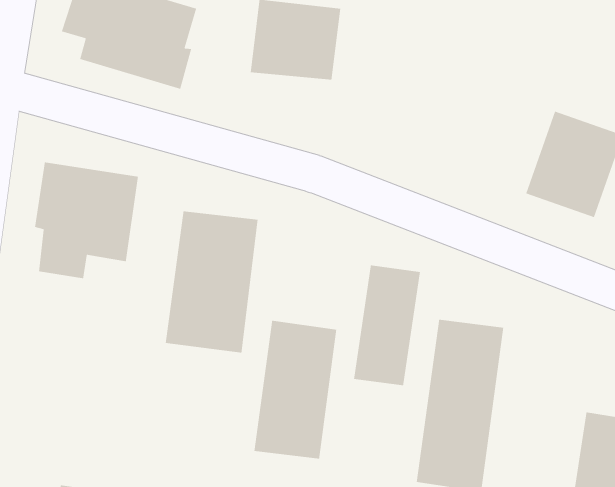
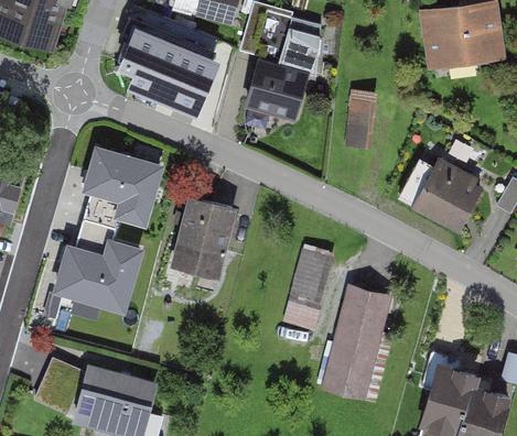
building: none -> [343,101,373,148]
building: none -> [56,220,140,306]
building: [254,320,337,460] -> none

